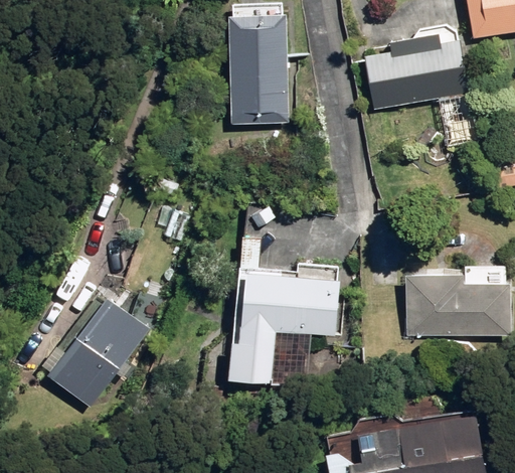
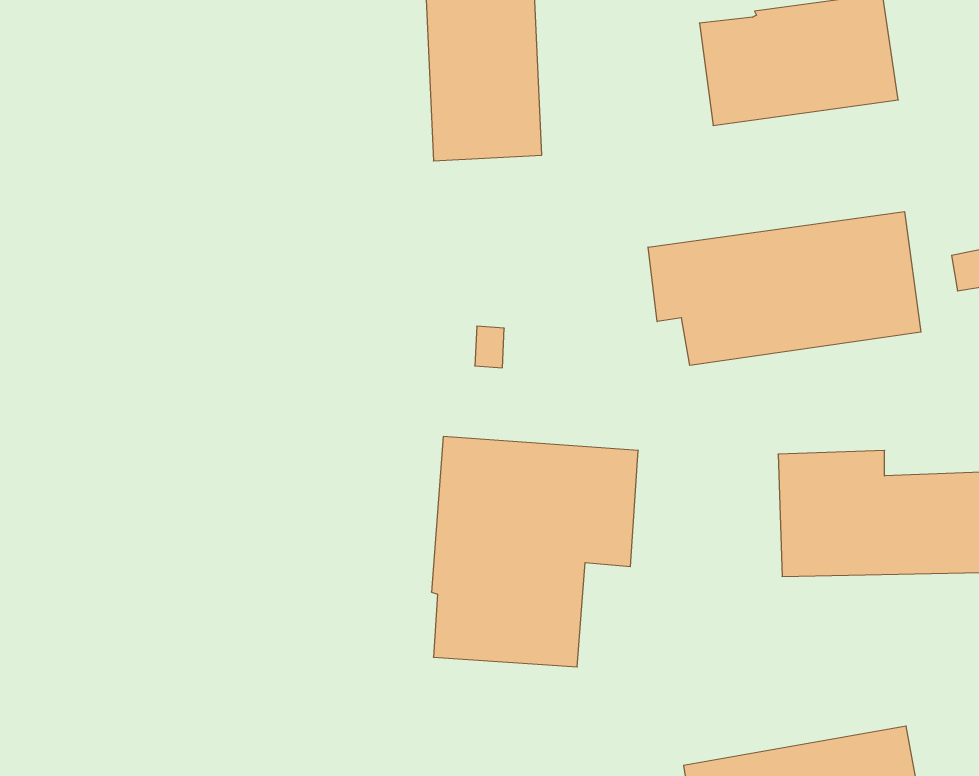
building: none -> [648,212,921,365]
building: [47,297,146,404] -> none

